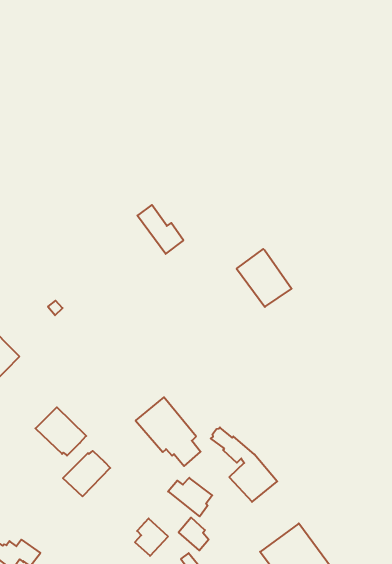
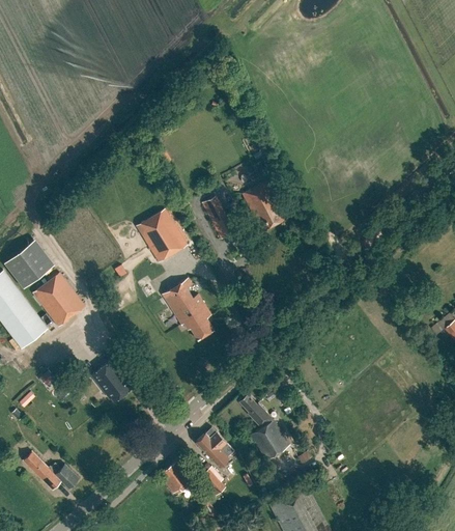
building: none -> [136,211,187,264]
building: [237,249,292,307] -> [241,184,286,233]
building: [136,397,201,466] -> [162,280,214,341]
building: [63,451,110,496] -> none

